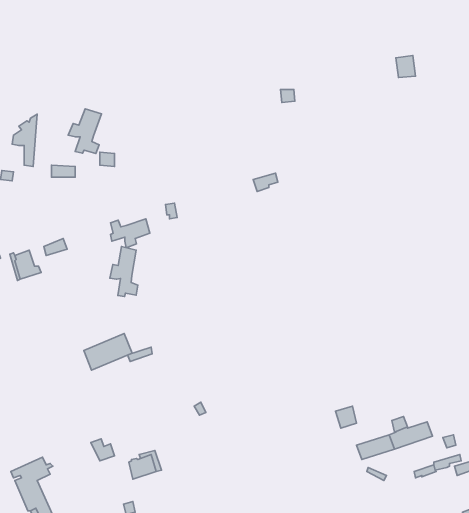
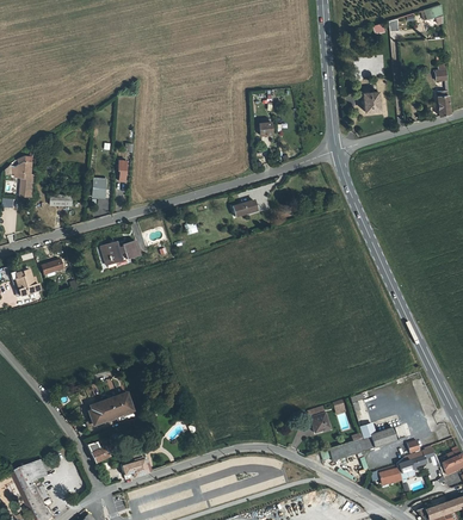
building: [68,109,101,153] -> none
building: [110,247,138,297] -> none
building: [84,333,132,370] -> [88,391,132,425]

